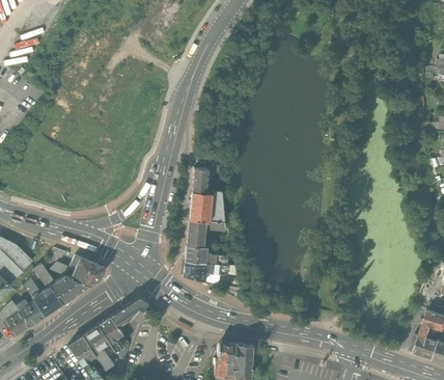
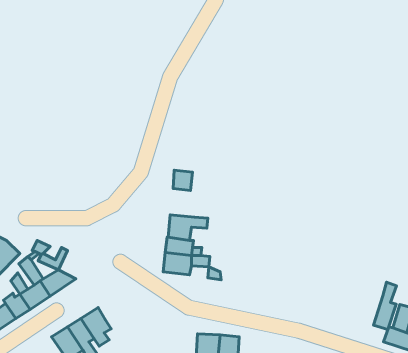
building: [188,193,216,222] -> none
building: [74,256,110,286] -> none
building: none -> [373,282,396,329]
building: [114,297,152,327] -> none

